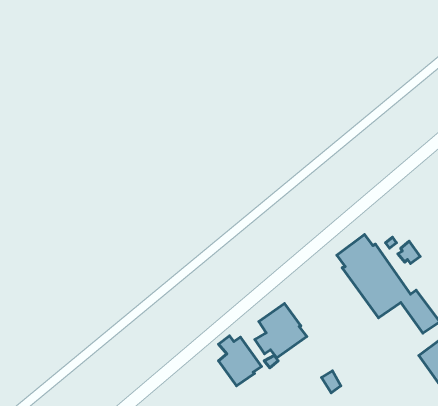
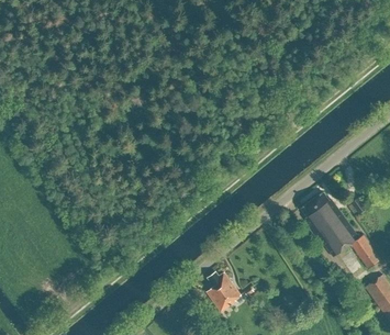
building: [255,303,307,358] -> none

